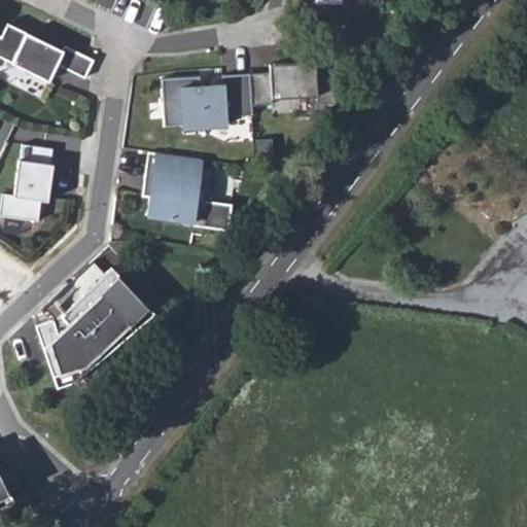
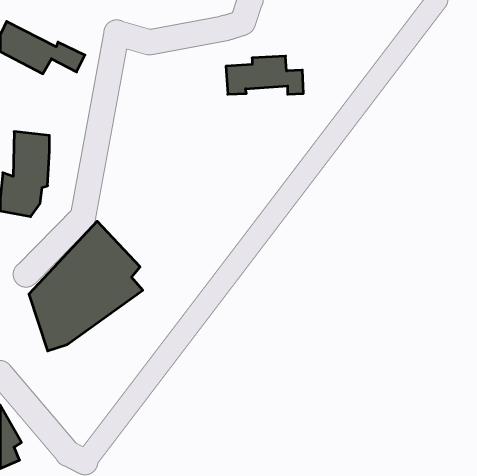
building: [161,74,251,127] -> none
building: [142,152,231,231] -> none

